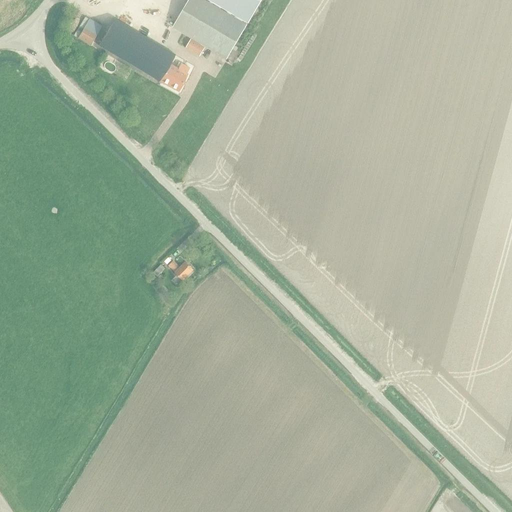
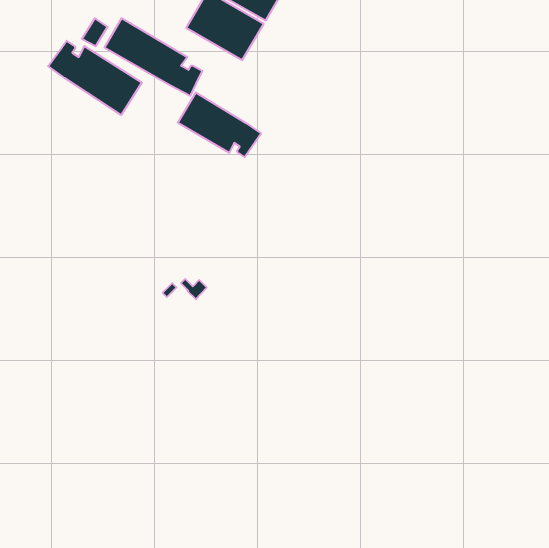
building: none -> [48,41,142,115]
building: none -> [178,92,261,157]

